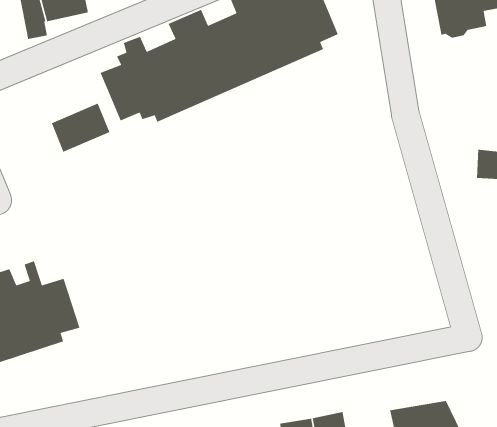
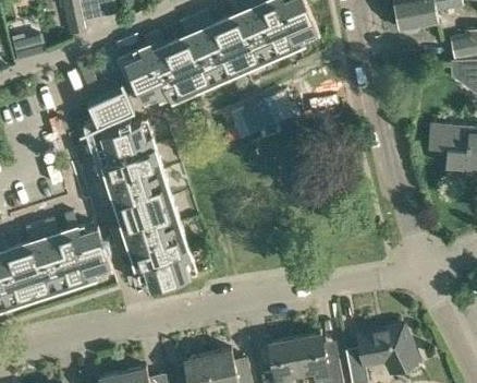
building: none -> [93,120,192,291]

